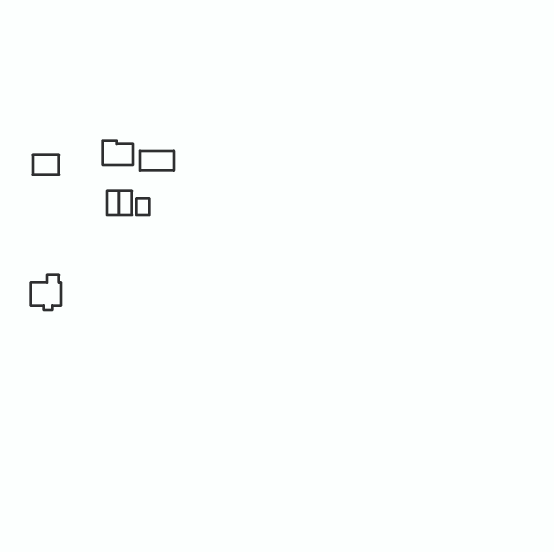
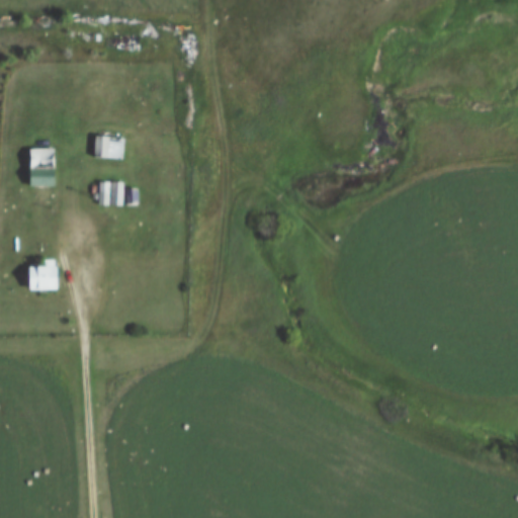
building: [140,151,174,171] -> none
building: none -> [30,167,55,185]

